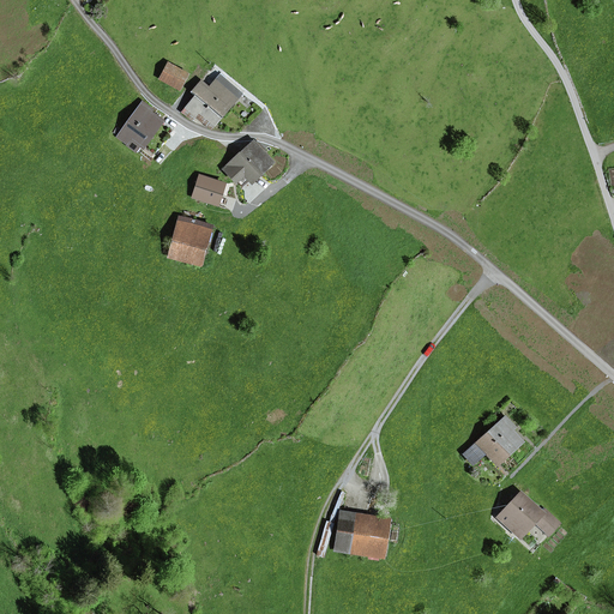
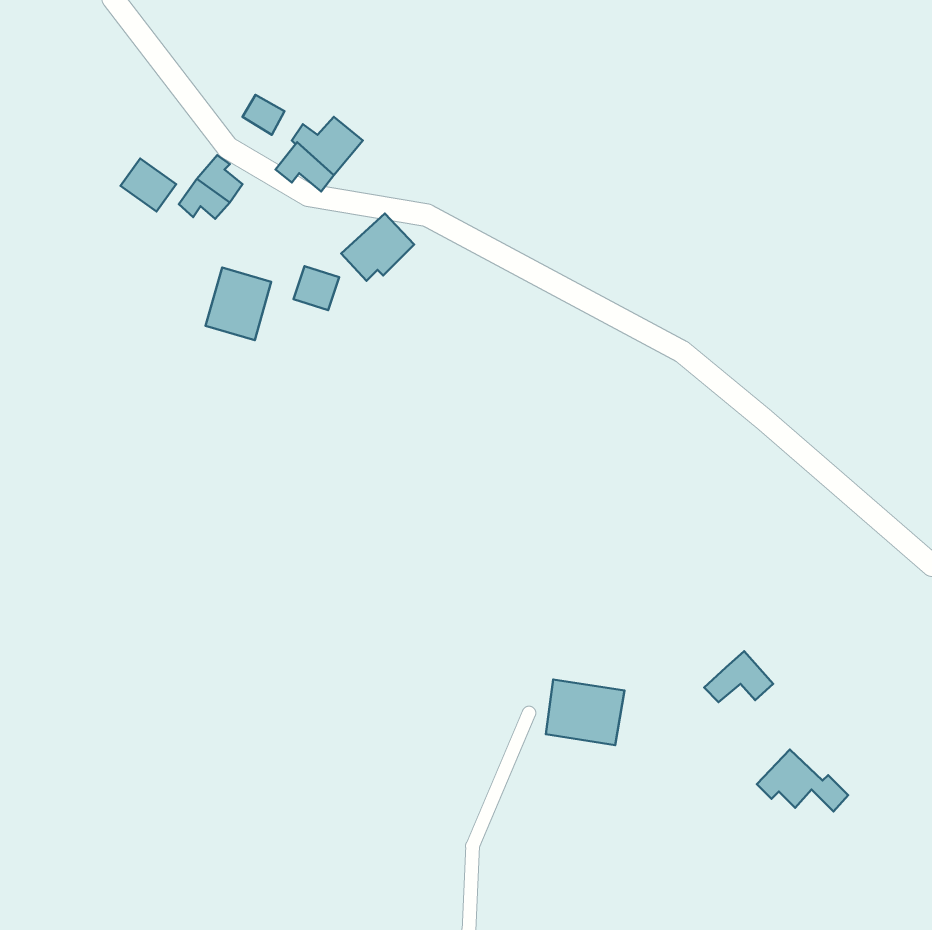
building: none -> [120,159,176,211]
building: [168,216,211,264] -> [206,267,271,340]
building: [489,415,520,450] -> none
building: [336,512,387,555] -> [546,679,624,745]

